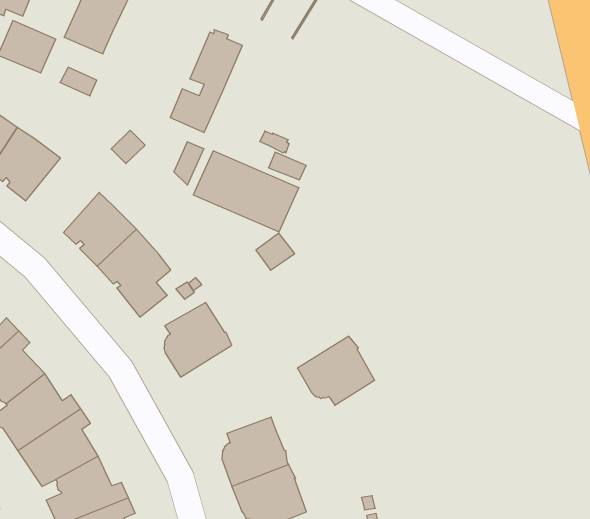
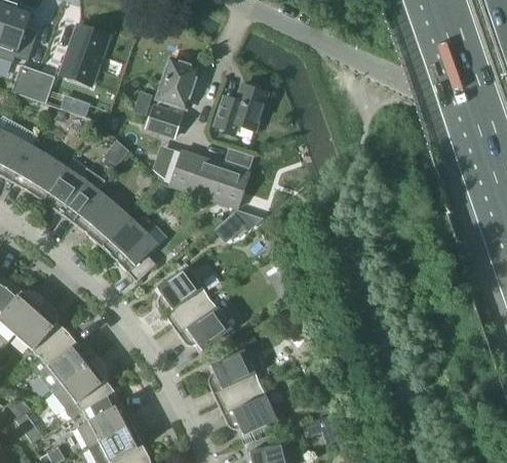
building: none -> [213,83,266,131]
building: none -> [41,165,104,221]
building: [297,336,375,405] -> [170,296,230,349]

